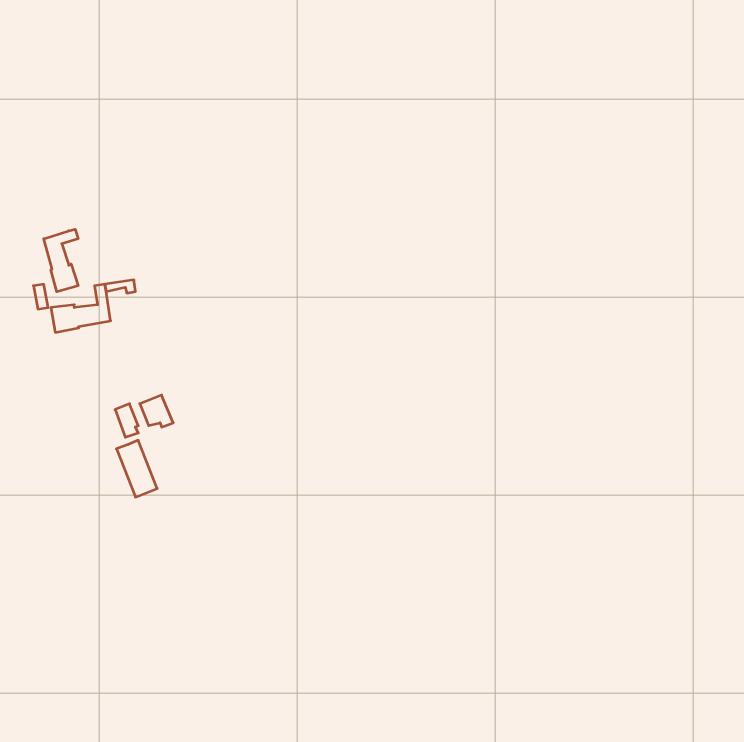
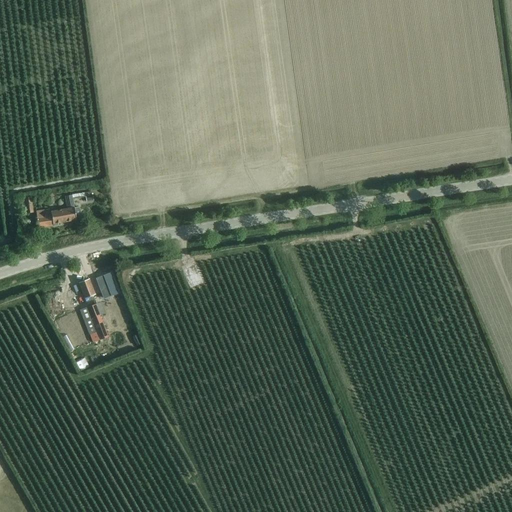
building: [44,229,78,292] -> none

